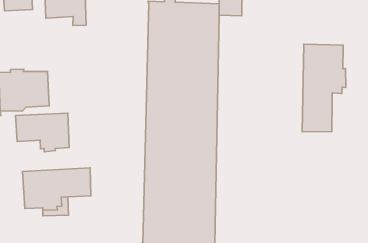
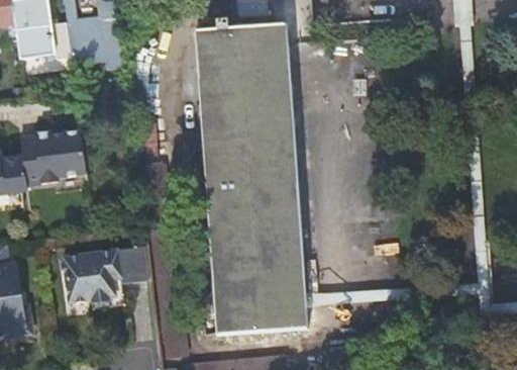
building: [302,44,346,132] -> none
building: [15,113,69,152] -> none

